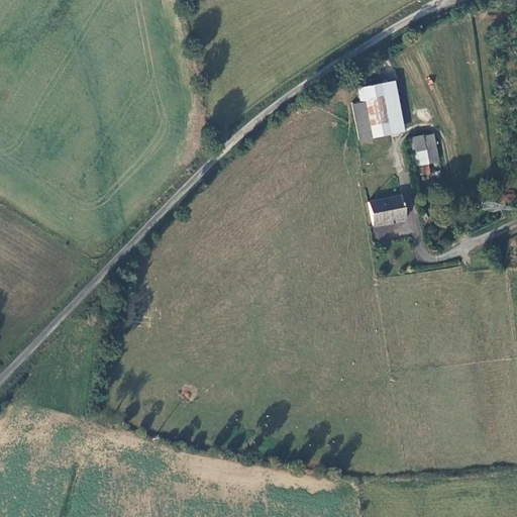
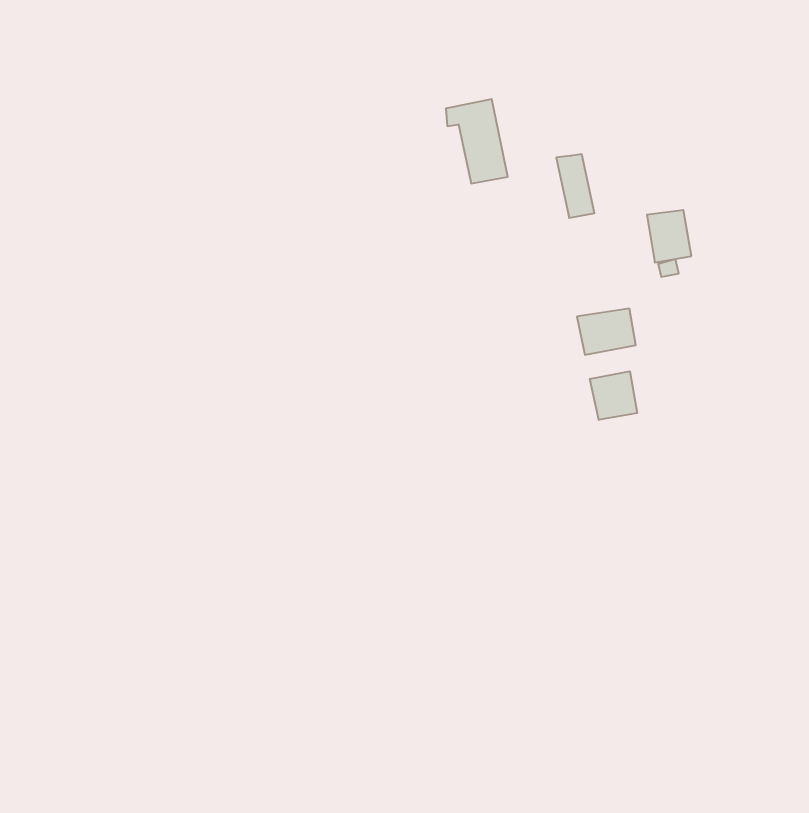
building: [364,82,403,135] -> [446,99,508,183]
building: none -> [590,371,637,420]

